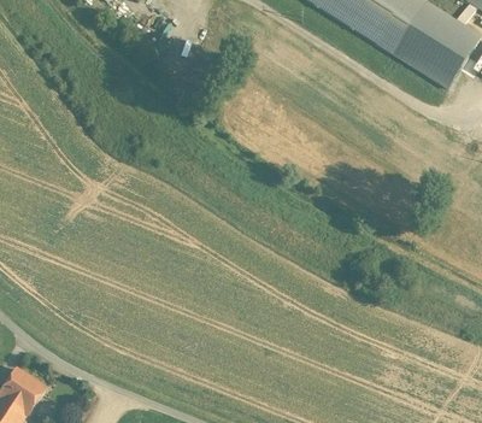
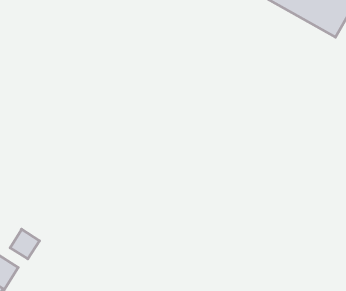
building: none -> [10,229,39,259]

